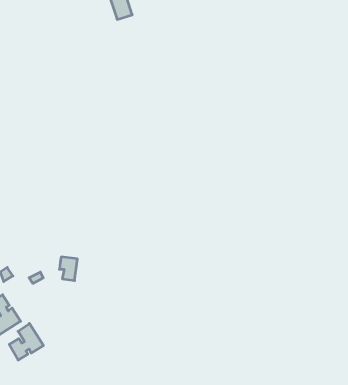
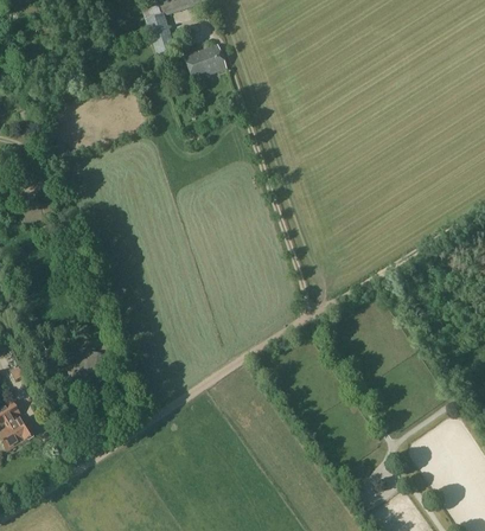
building: none -> [181,43,225,81]
building: [9,323,43,360] -> none

